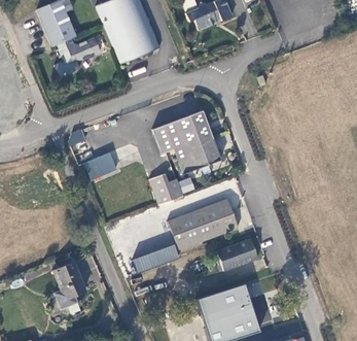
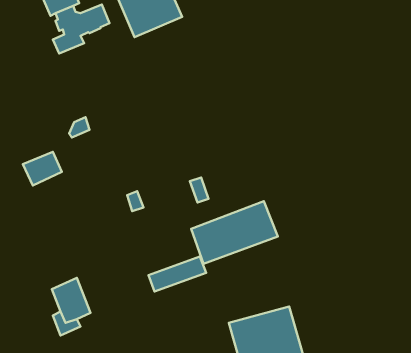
building: [153,110,220,172] -> none
building: [84,151,116,179] -> [23,152,62,186]
building: [148,173,173,204] -> none
building: [216,238,258,271] -> none

